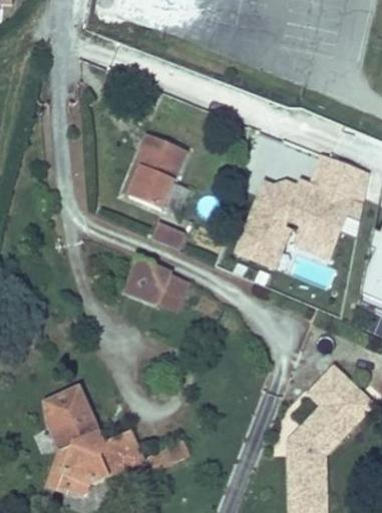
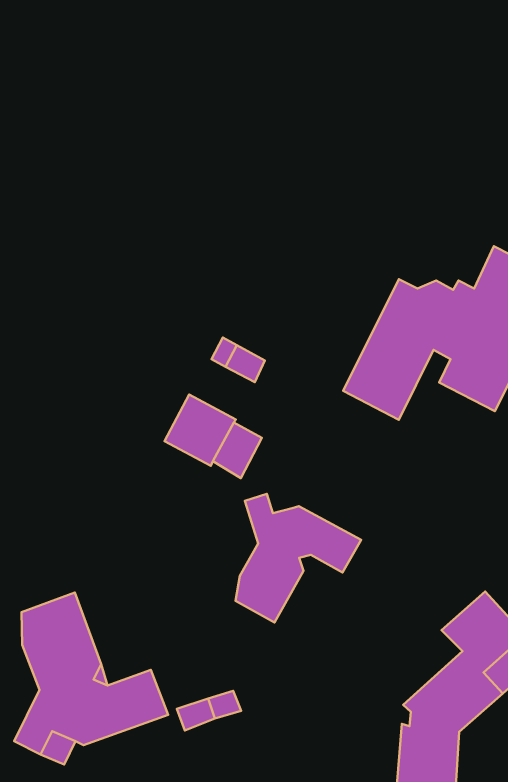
building: [128,133,186,209] -> none
building: none -> [236,494,361,623]

